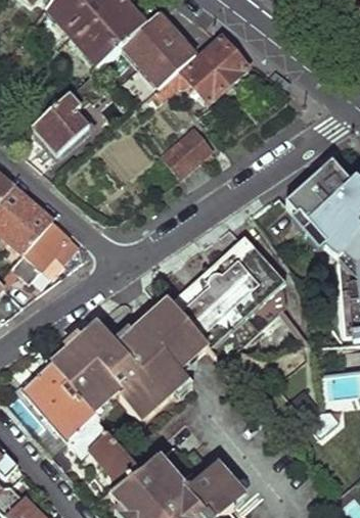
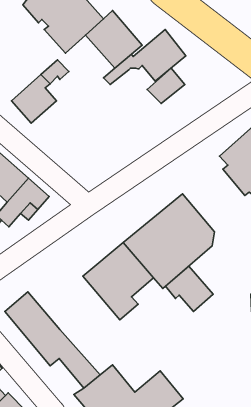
building: [161,129,208,173] -> [147,68,185,103]
building: [49,322,164,419] -> none
building: none -> [166,266,213,312]

